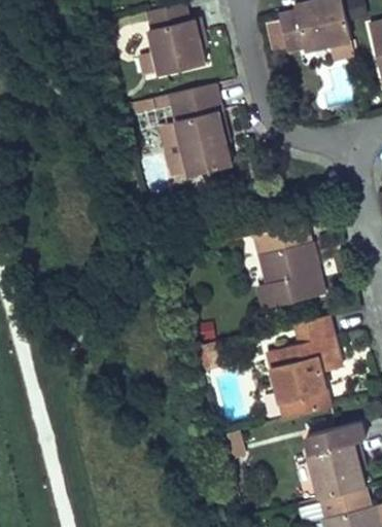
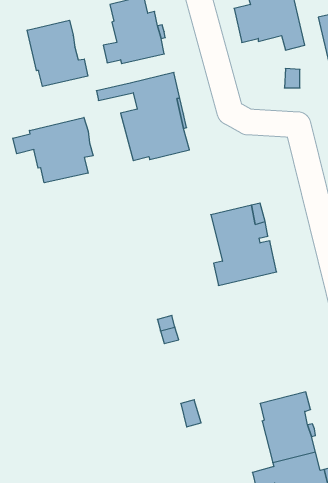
building: none -> [27,20,88,86]
building: none -> [13,117,93,183]
building: [267,315,342,419] -> none

